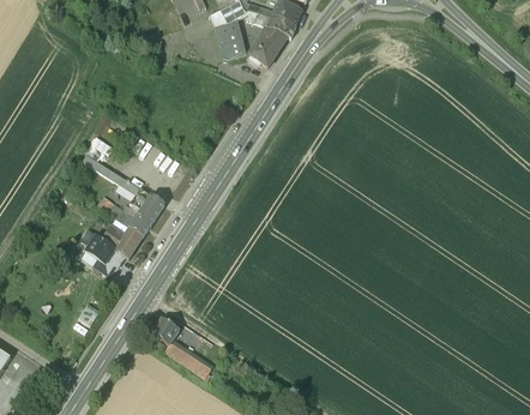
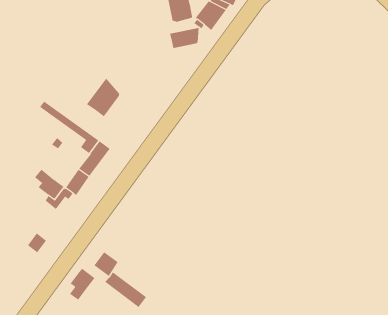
building: none -> [170,27,199,49]
building: none -> [86,78,120,117]
building: none -> [69,268,96,301]

